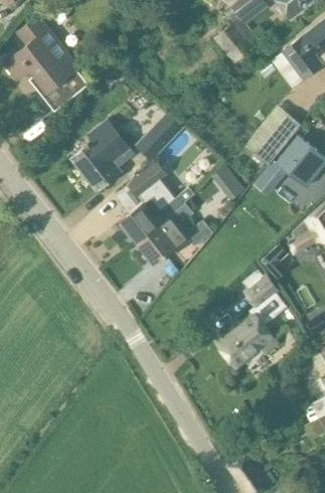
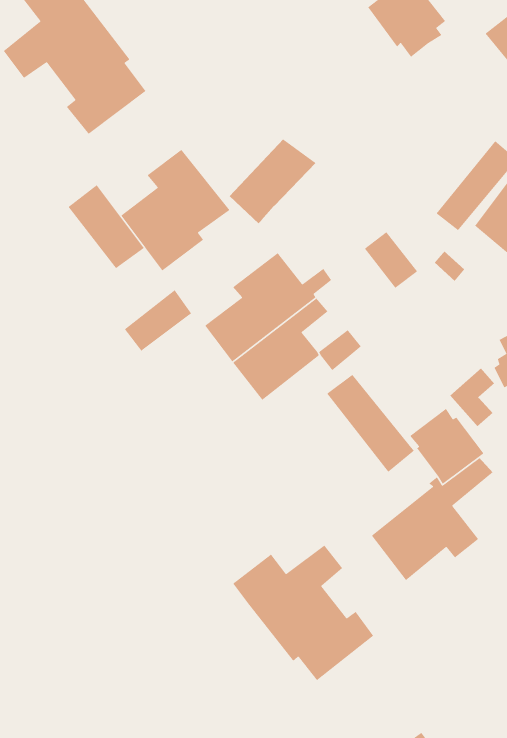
building: none -> [67,184,145,269]
building: [127,163,166,199] -> [124,289,192,352]
building: none -> [326,374,415,473]
building: none -> [232,545,374,681]

